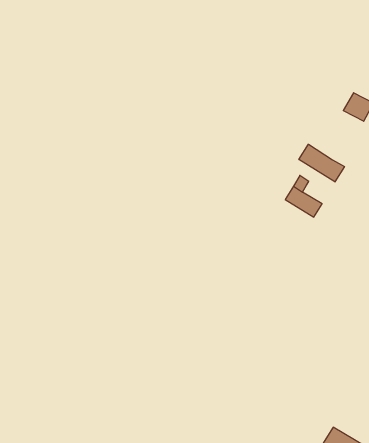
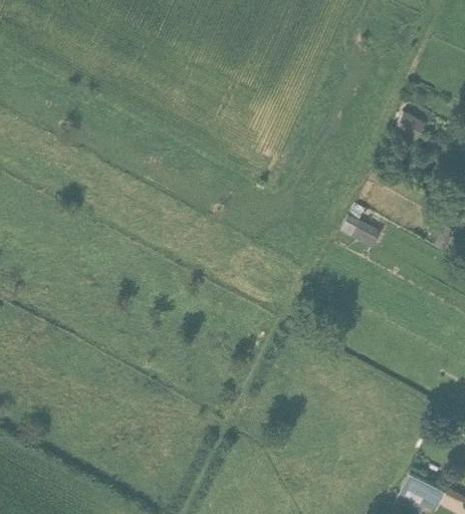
building: [299,144,344,182] -> none

